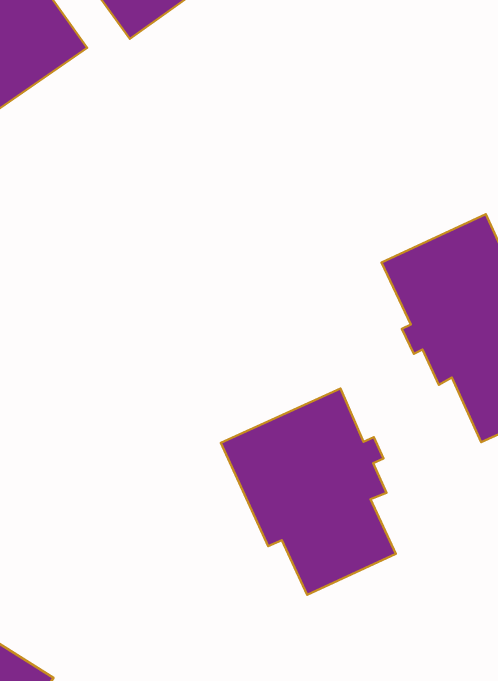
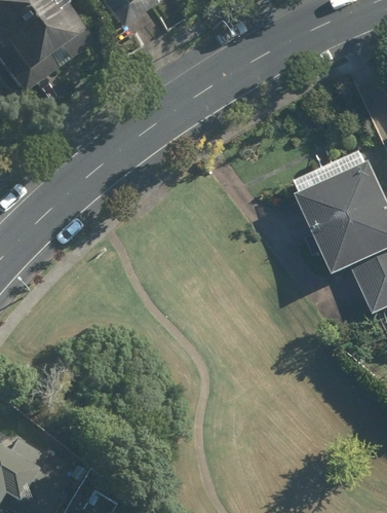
building: [221,389,396,595] -> none

